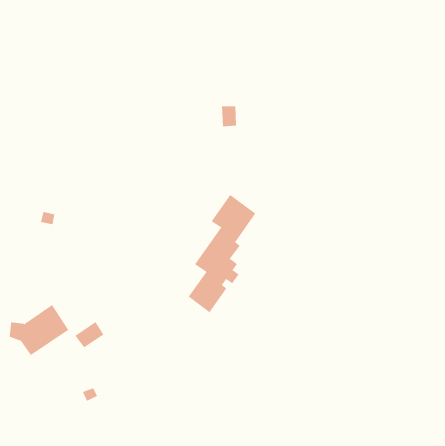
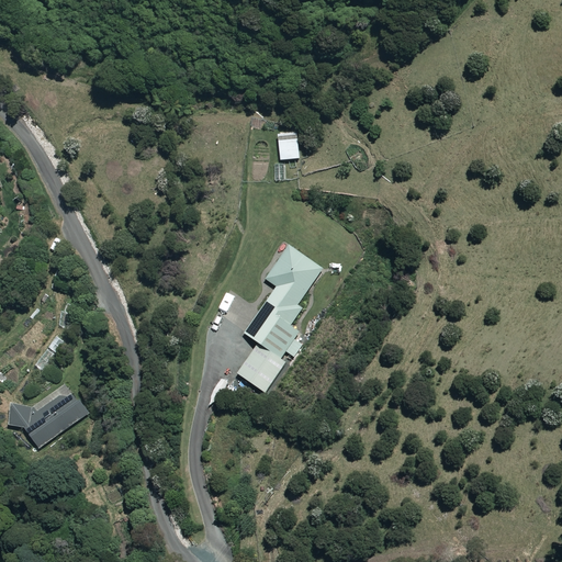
building: [75,321,104,348] -> none

